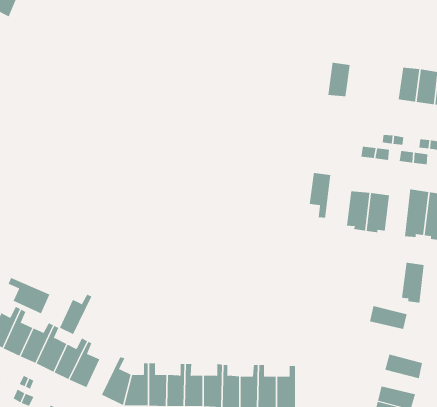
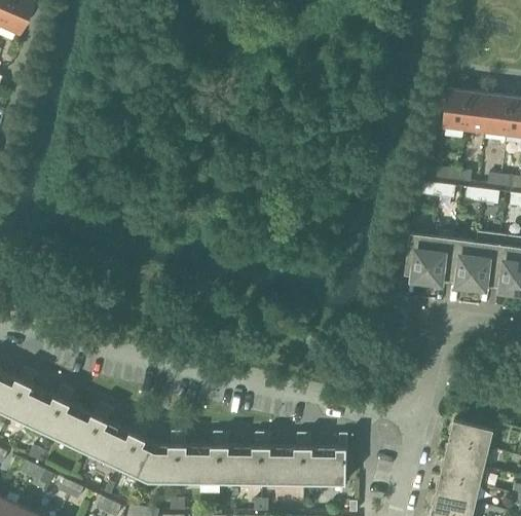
building: [327,62,351,97] -> [443,91,470,132]
building: [309,172,331,218] -> none
building: [401,262,424,303] -> [450,242,477,289]
building: [8,277,50,314] -> none
building: [59,294,92,335] -> [107,423,145,471]
building: [369,305,408,330] -> [445,442,489,470]

